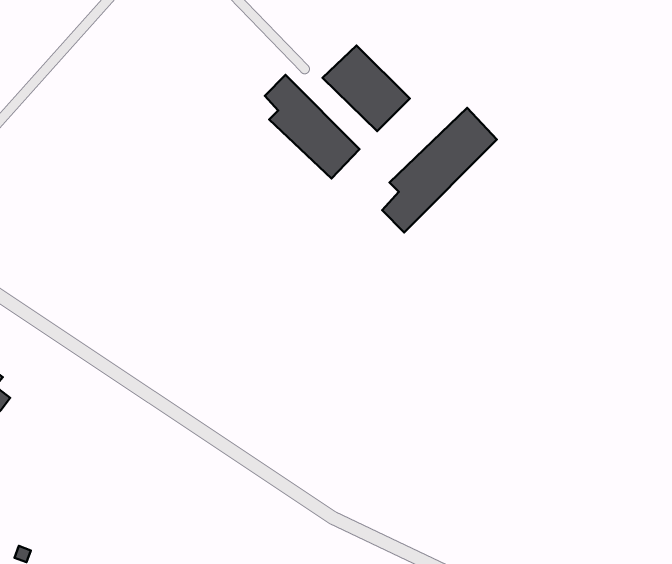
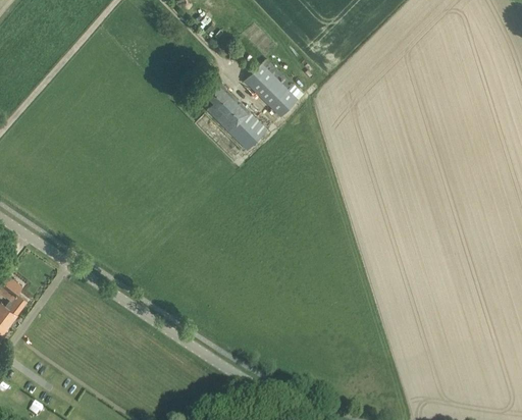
building: [382,108,497,232] -> none

